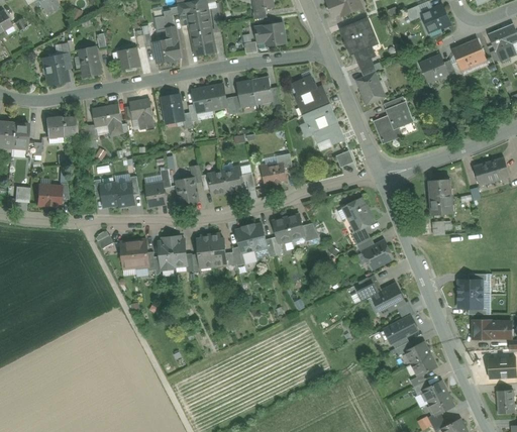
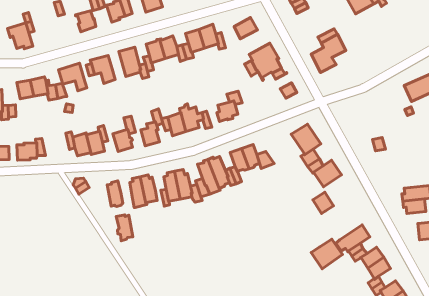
building: [78,45,101,77] -> none
building: [356,72,384,103] -> none
building: [297,86,329,114] -> none
building: [428,179,451,215] -> none
building: [119,240,135,268] -> [116,215,133,241]
building: [371,284,405,315] -> [311,239,343,269]

